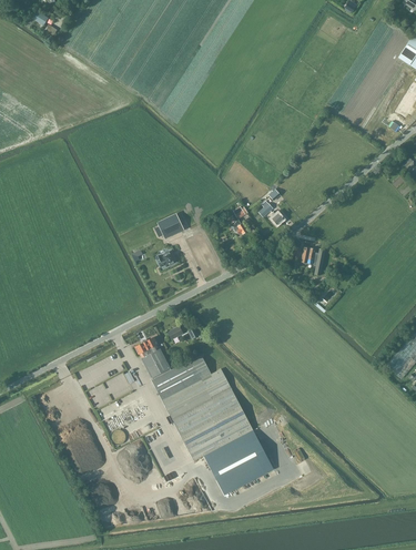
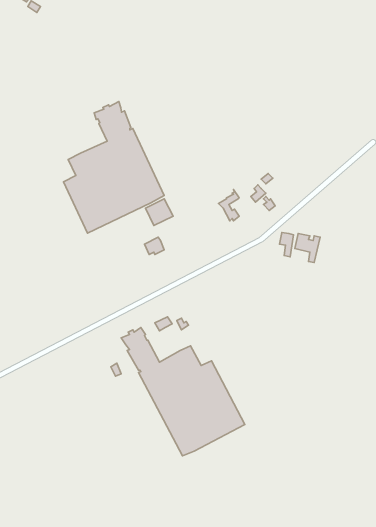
building: none -> [63,101,164,233]
building: [204,429,274,495] -> none

